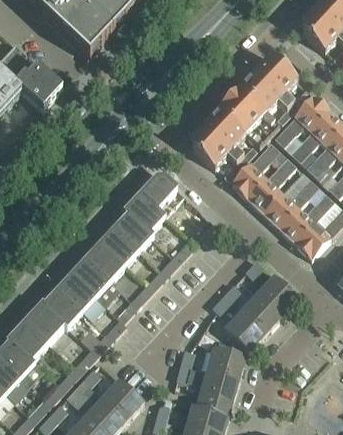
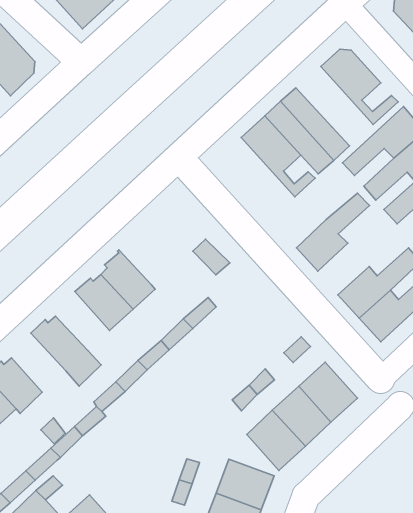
building: [239,71,294,121] -> none
building: [192,124,244,178] -> none
building: [231,140,280,197] -> none
building: [126,175,177,230] -> none
building: [264,177,318,227] -> none
building: [86,239,124,279] -> none
building: [58,270,105,319] -> none

